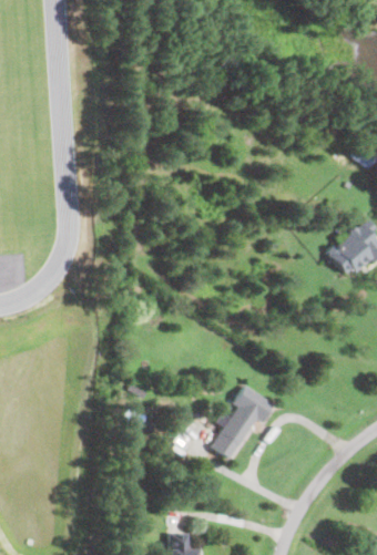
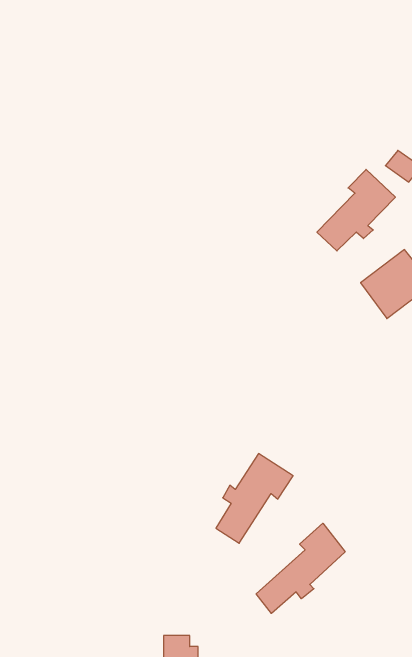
building: none -> [317,169,395,251]
building: none -> [256,523,345,613]

